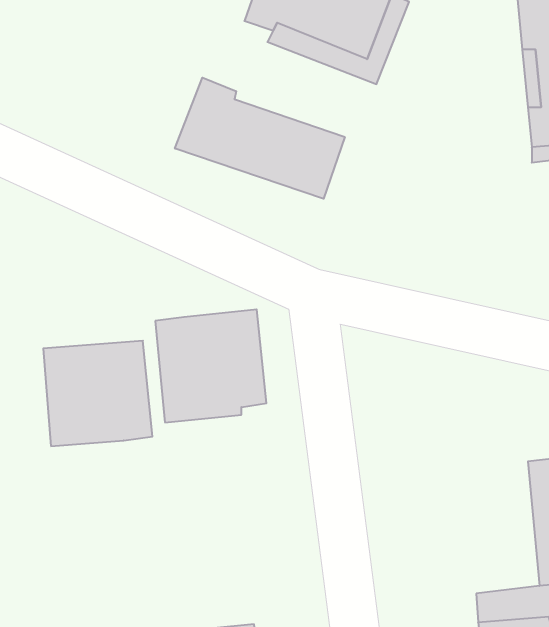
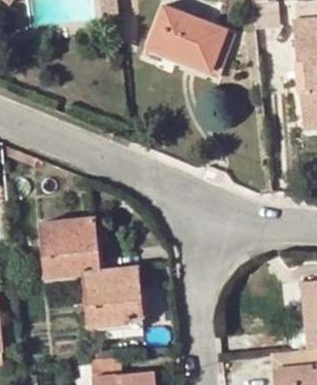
building: [175,78,345,199] -> none
building: [155,309,266,422] -> [82,265,142,325]

